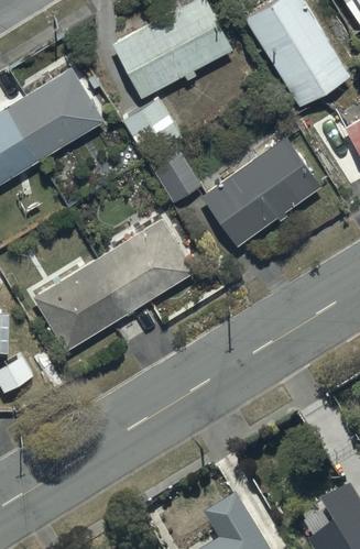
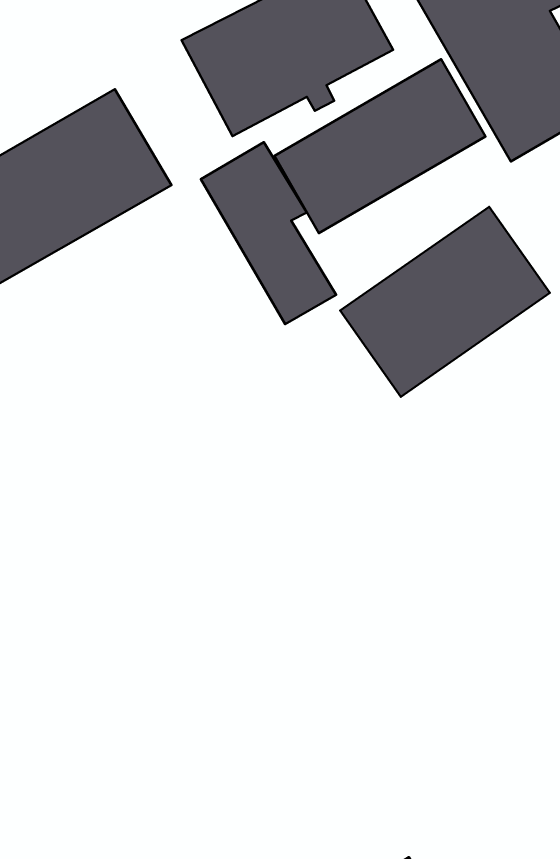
building: none -> [274,59,485,233]
building: [32,215,195,352] -> none

